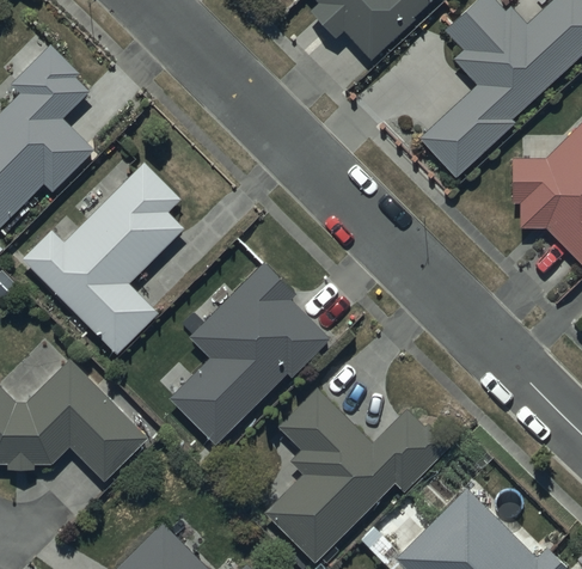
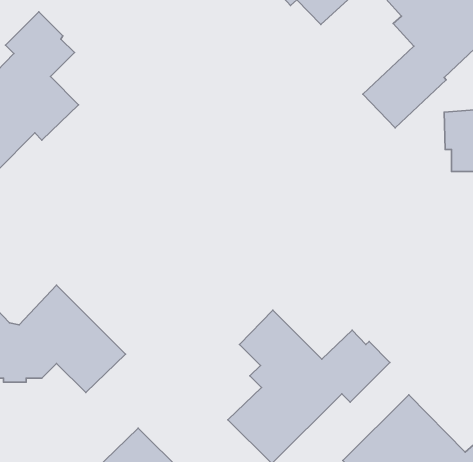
building: [22,164,183,354] -> none
building: [169,262,330,445] -> none

